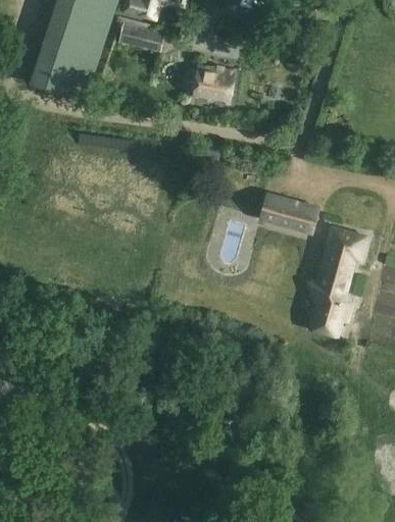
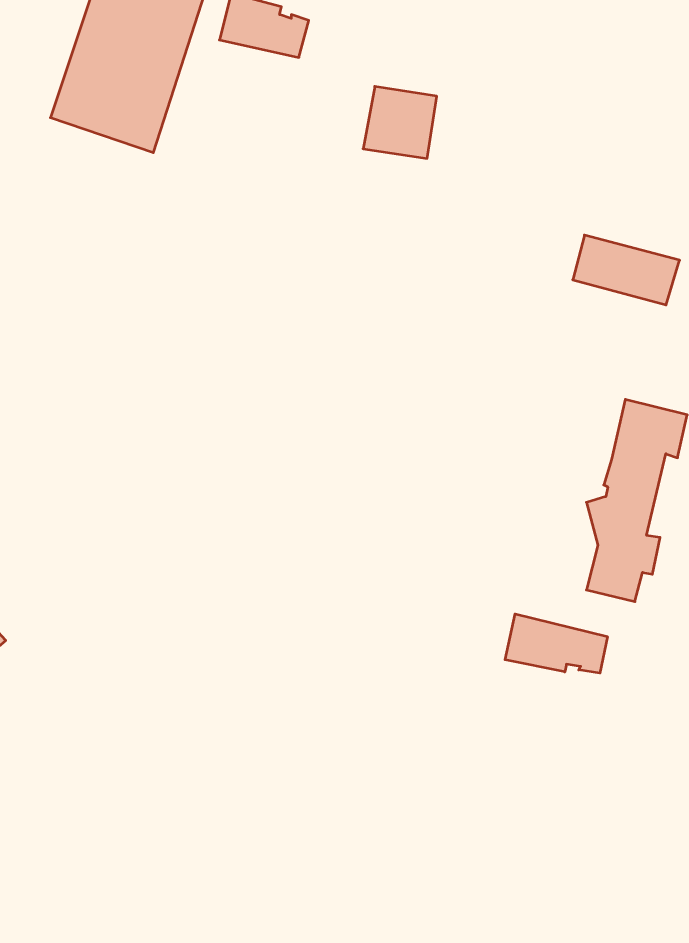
building: [261,196,317,232] -> [573,235,680,305]
building: none -> [505,614,607,673]

